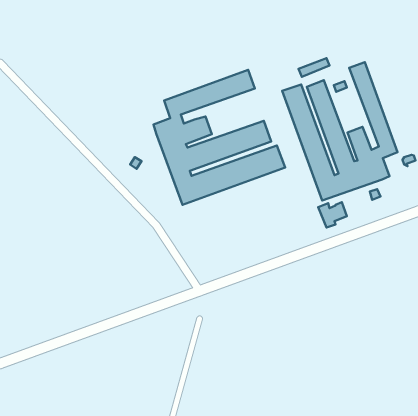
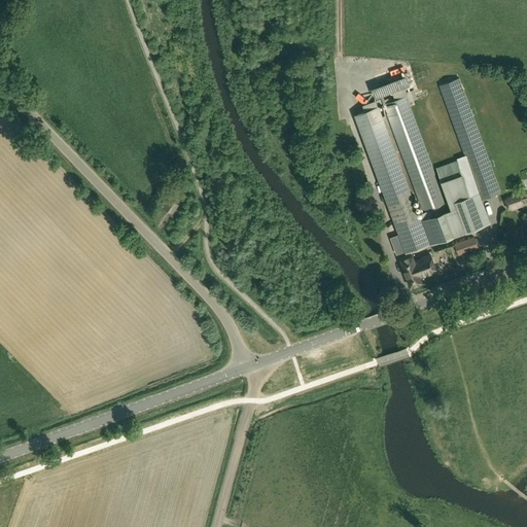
building: [153,70,285,205] -> none

